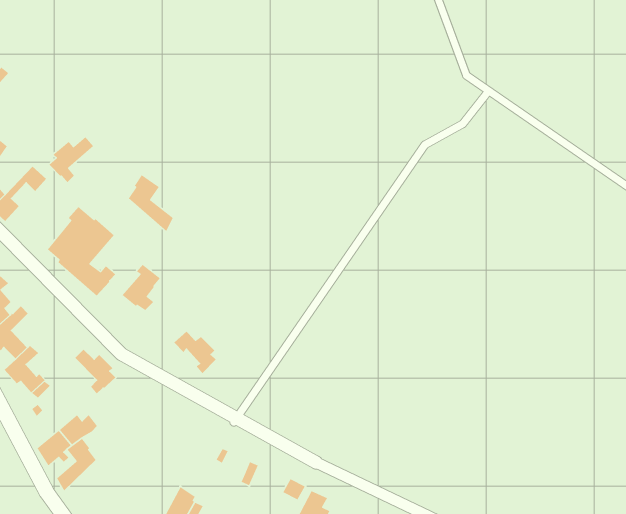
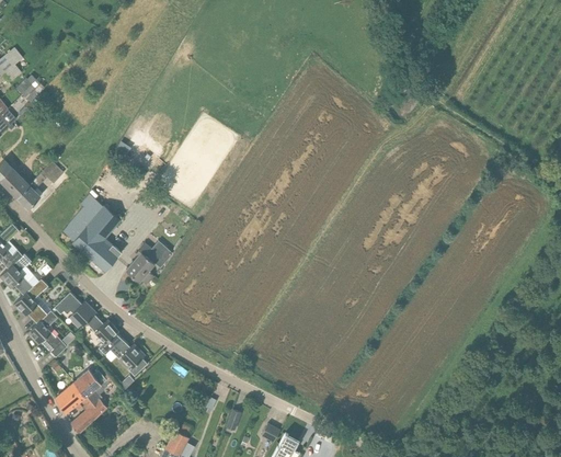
building: [49,136,94,183] -> none
building: [128,174,174,232] -> none
building: none -> [54,293,96,325]
building: [173,331,216,374] -> [111,340,147,376]

